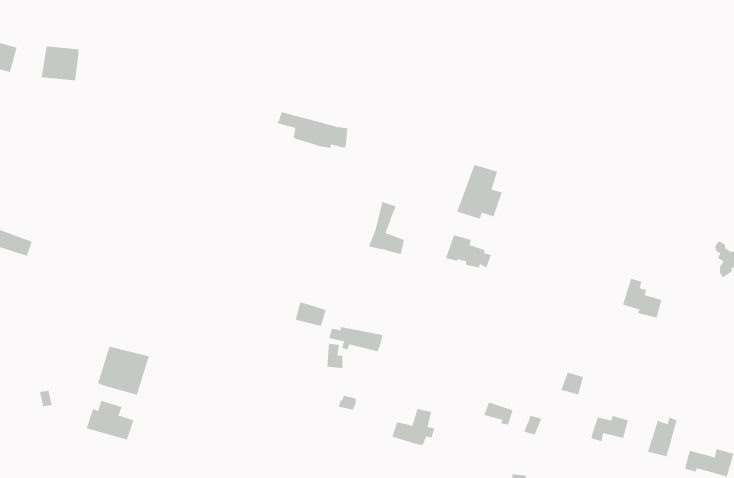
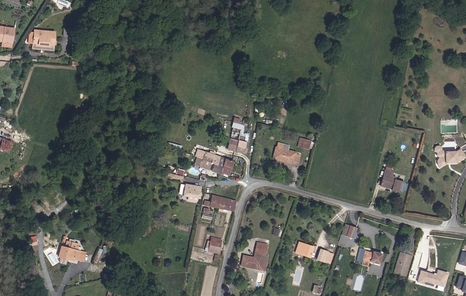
building: [276,112,348,148] -> [189,149,232,171]
building: [457,164,502,220] -> none
building: [98,346,150,396] -> none

